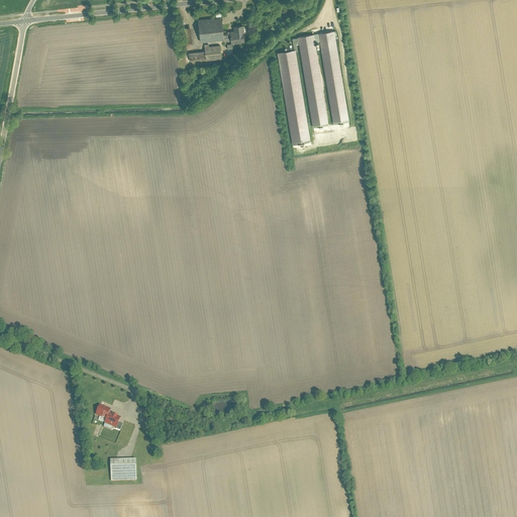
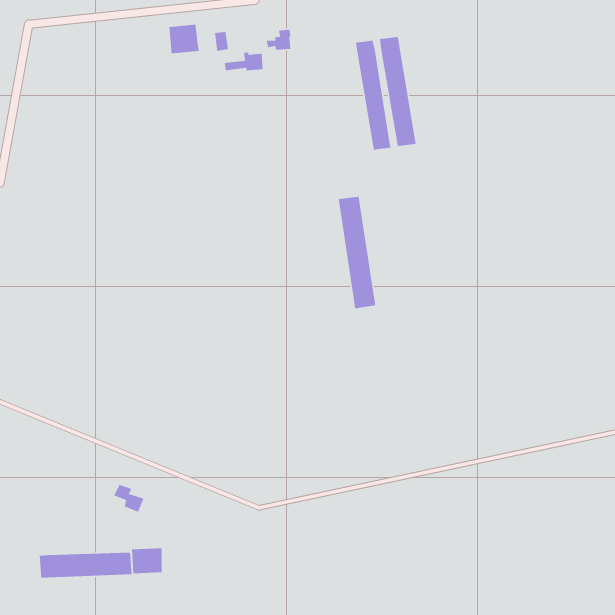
building: [198,16,224,41] -> [168,24,200,54]
building: [278,48,310,144] -> [338,195,376,309]
building: none -> [39,552,132,578]

